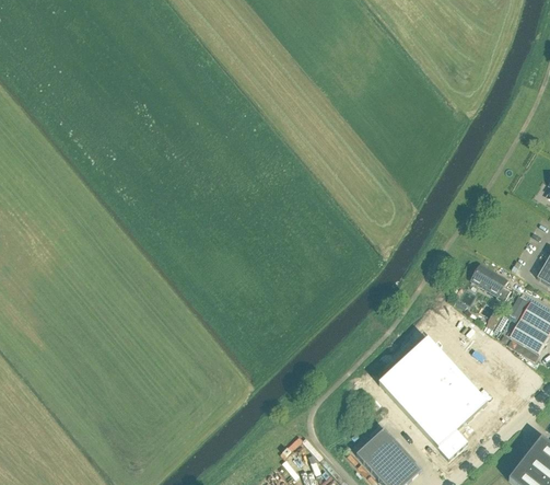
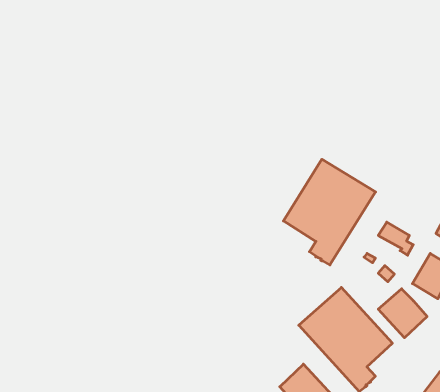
building: none -> [283,159,376,265]
building: none -> [378,289,427,338]

